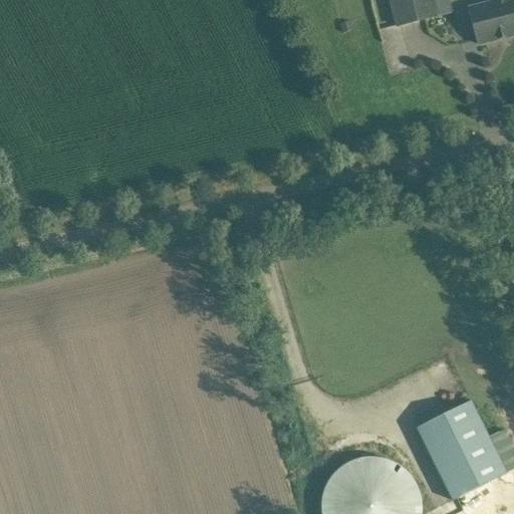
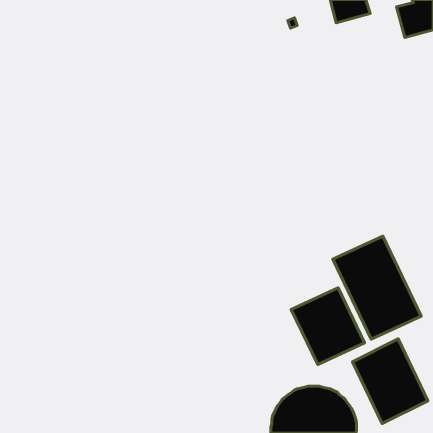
building: none -> [333,236,421,339]
building: none -> [291,288,365,365]

